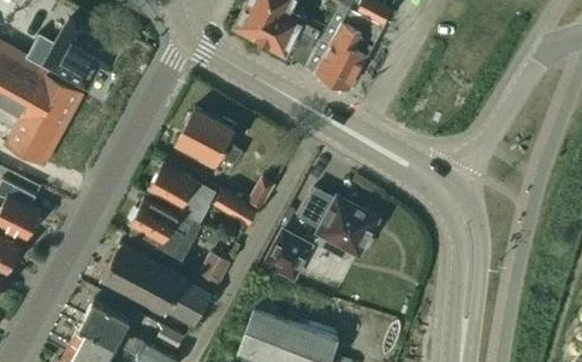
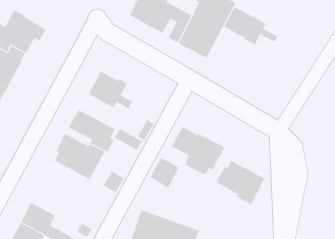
building: none -> [223,7,278,46]
building: none -> [215,160,265,205]
building: [100,243,210,325] -> none

